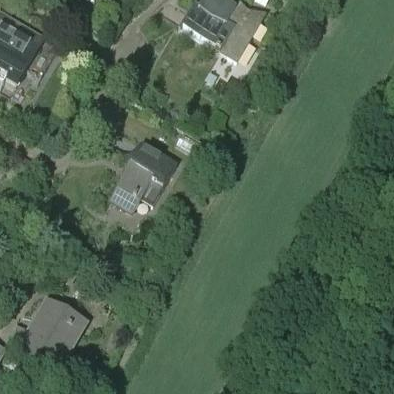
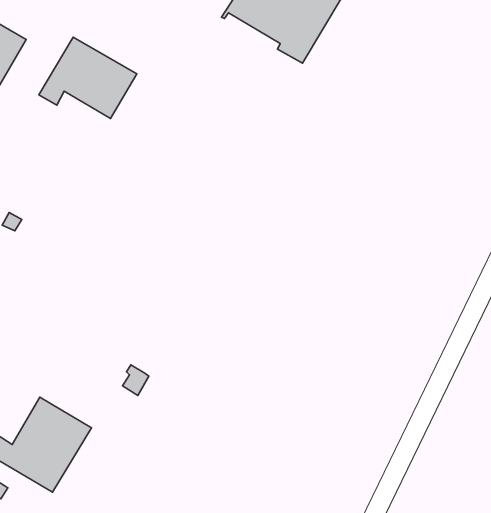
building: none -> [39,37,137,119]
building: [113,140,178,204] -> none

